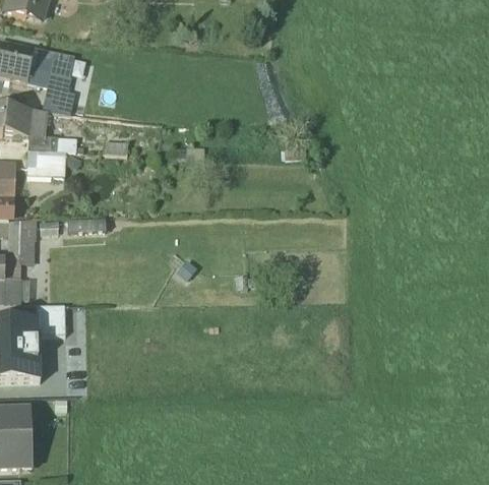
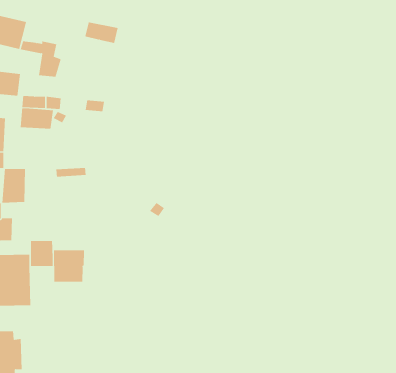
building: [35,49,74,74] -> [85,22,118,44]
building: [24,109,48,135] -> none
building: none -> [53,249,85,283]

